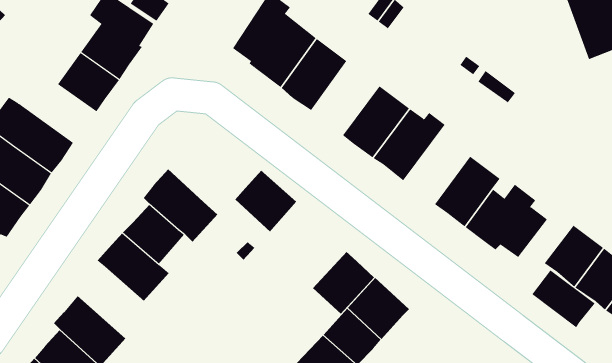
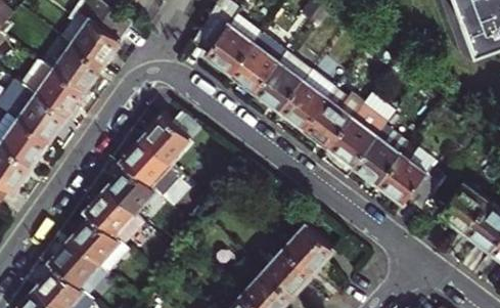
building: none -> [253,54,307,114]
building: none -> [18,63,81,120]
building: none -> [326,95,392,169]
building: [234,170,297,233] -> [138,117,188,167]
building: [312,251,375,314] -> none
building: none -> [65,219,125,276]
building: [531,269,595,328] -> none

